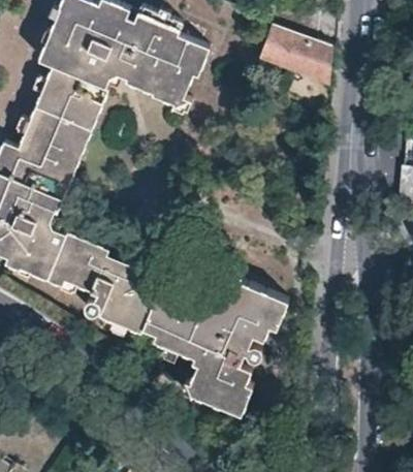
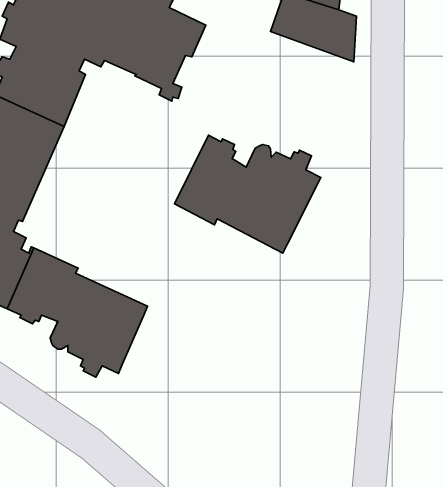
building: none -> [174,135,321,253]
building: [141,275,284,415] -> none

